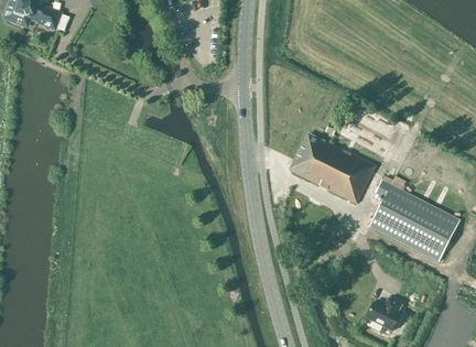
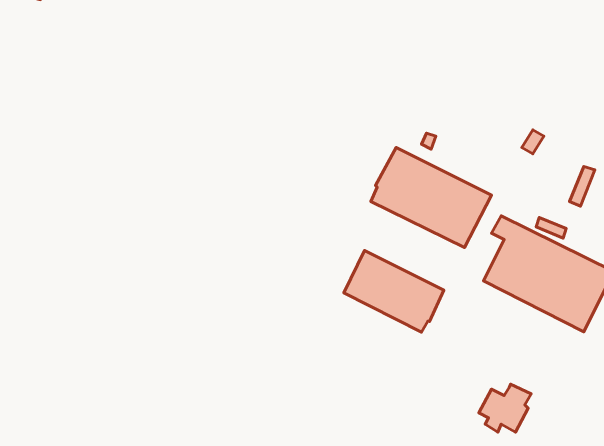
building: none -> [344,250,444,332]

